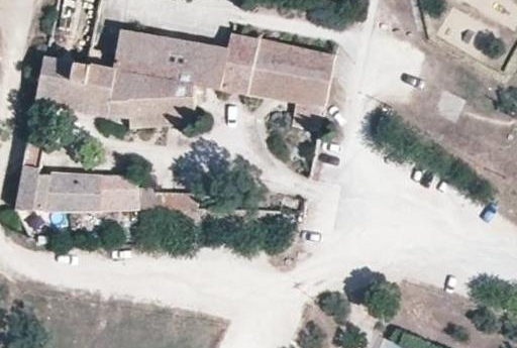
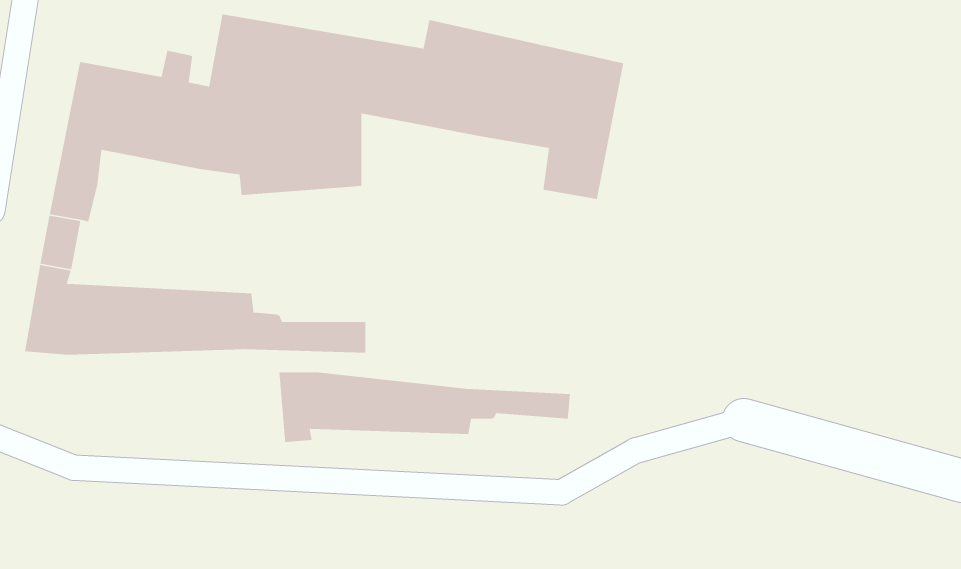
building: none -> [278,371,571,443]

